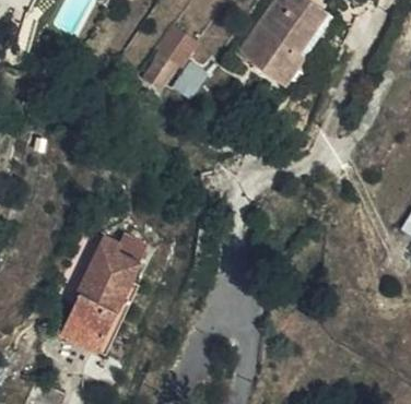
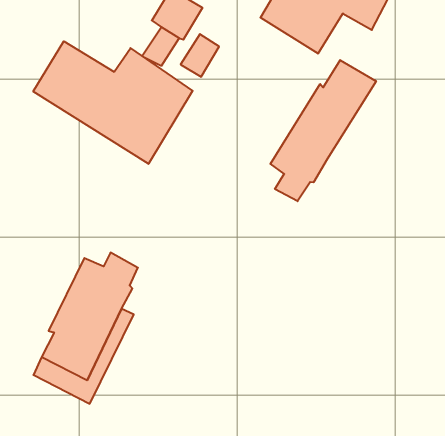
building: none -> [33,41,193,164]
building: none -> [270,60,376,201]

